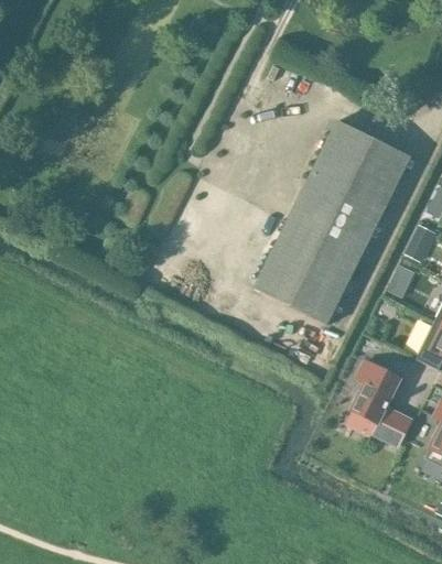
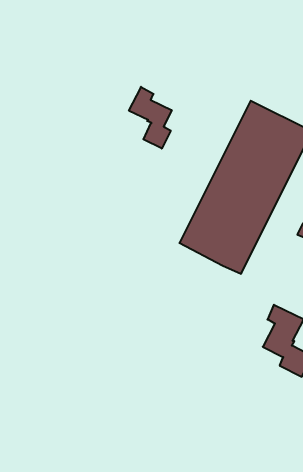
building: none -> [129,87,172,149]

